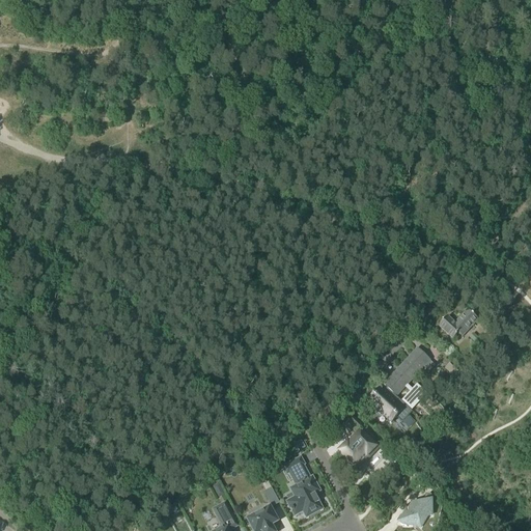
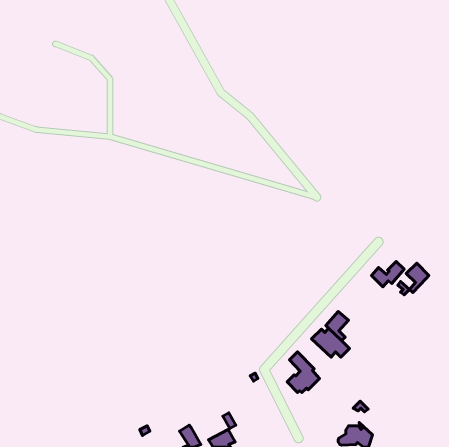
building: none -> [406,263,429,292]
building: [398,347,434,378] -> none
building: [282,456,320,515] -> none

